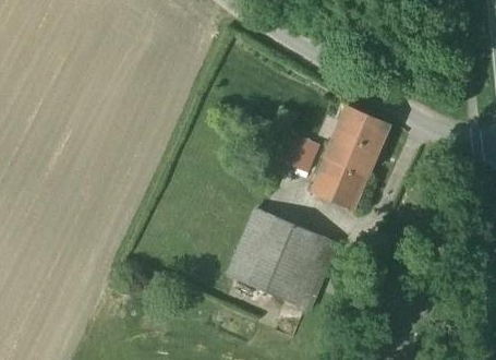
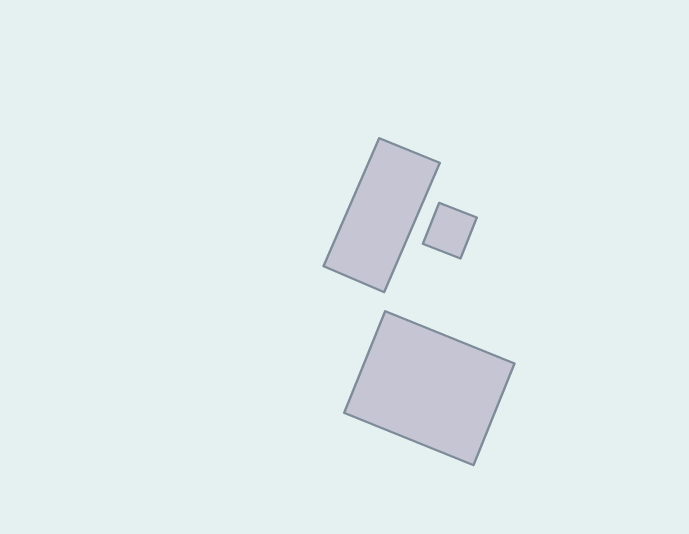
building: [311,109,388,212] -> [323,138,440,292]

